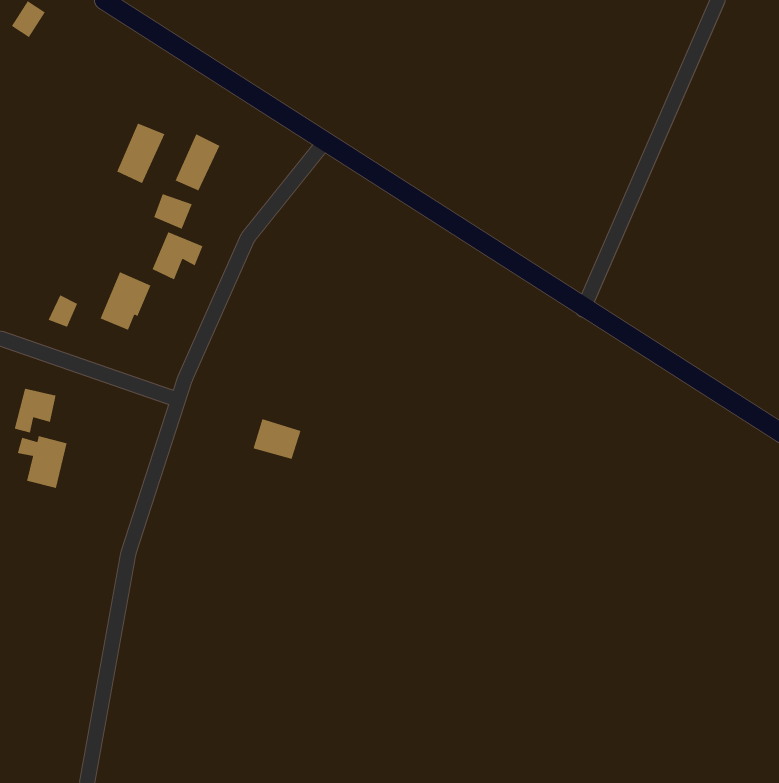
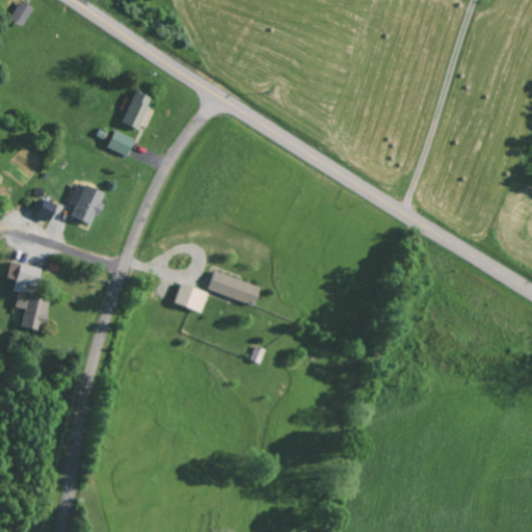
building: [116,123,165,184] -> none
building: [151,231,204,280] -> none
building: none -> [208,271,260,305]

